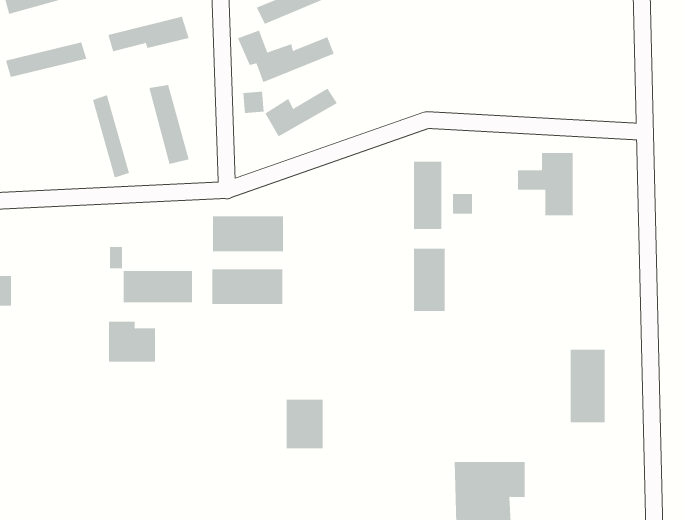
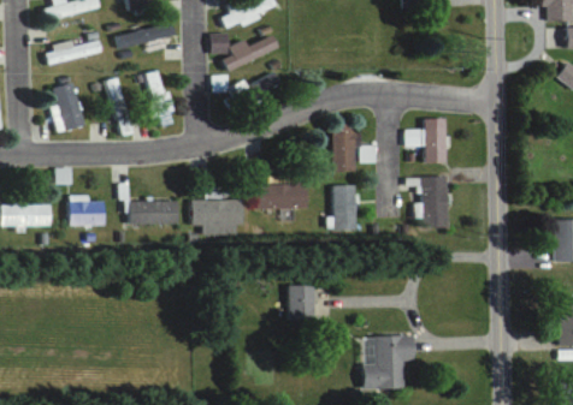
building: none -> [53,82,85,132]
building: [212,216,284,252] -> [256,183,307,208]
building: [108,321,156,362] -> [70,196,104,225]
building: [570,349,606,423] -> [423,177,448,228]
building: [286,399,324,449] -> [288,285,314,320]

